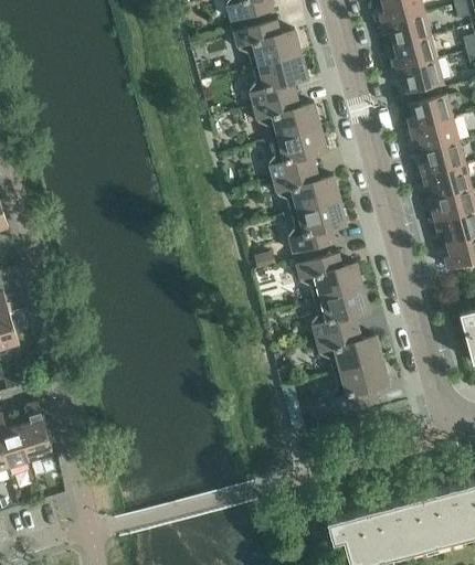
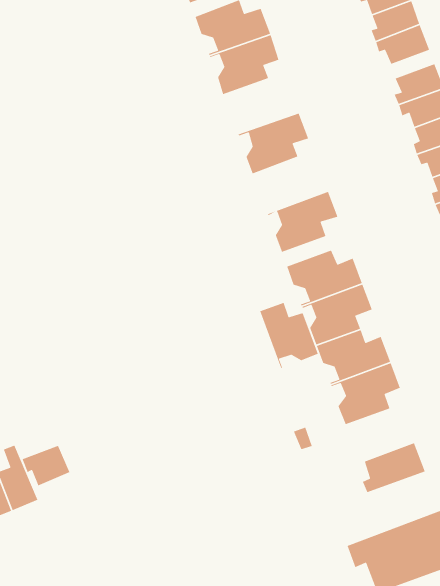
building: [253,94,320,141] -> none
building: [273,167,340,215] -> none
building: none -> [259,302,319,368]
building: none -> [21,445,70,486]
building: none -> [362,442,426,493]

